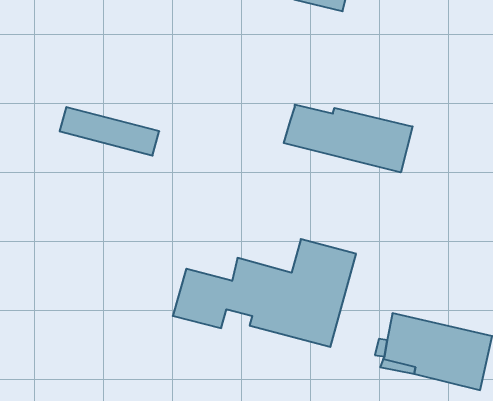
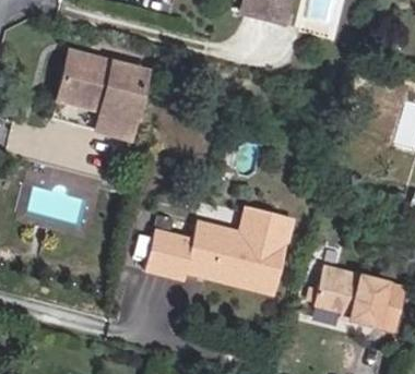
building: none -> [58,51,146,118]
building: [284,105,413,172] -> none

